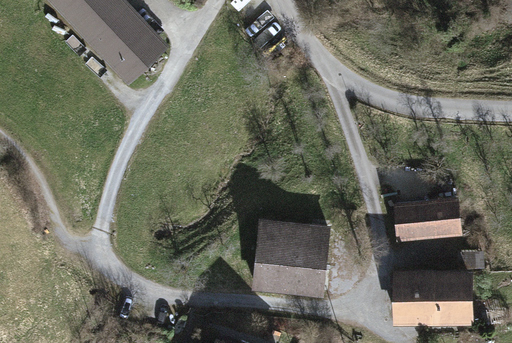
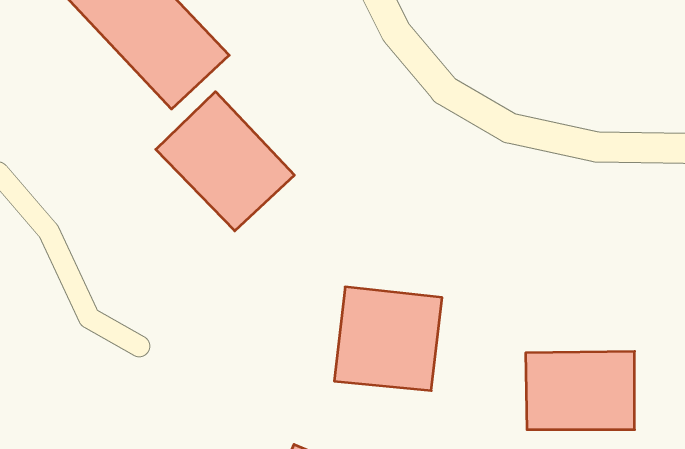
building: none -> [156,92,294,231]
building: [392,197,461,243] -> none

